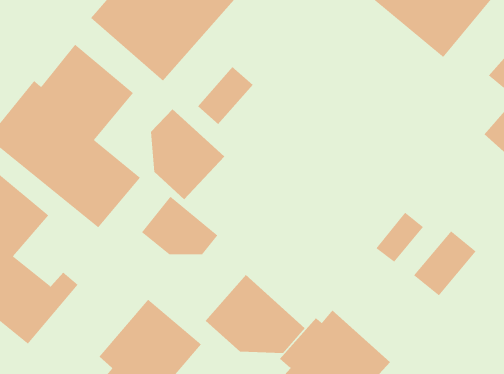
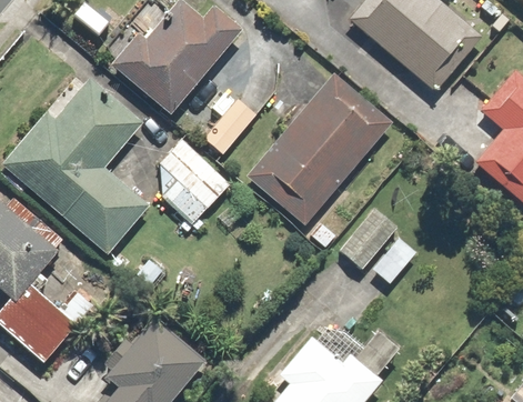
building: none -> [247,73,392,224]
building: [141,196,218,255] -> none
building: [413,230,477,296] -> [336,208,396,270]
building: [205,274,305,354] -> none

